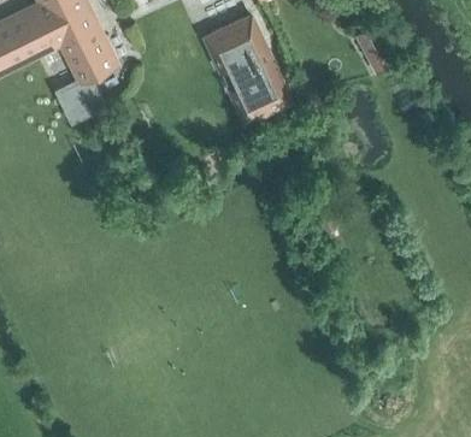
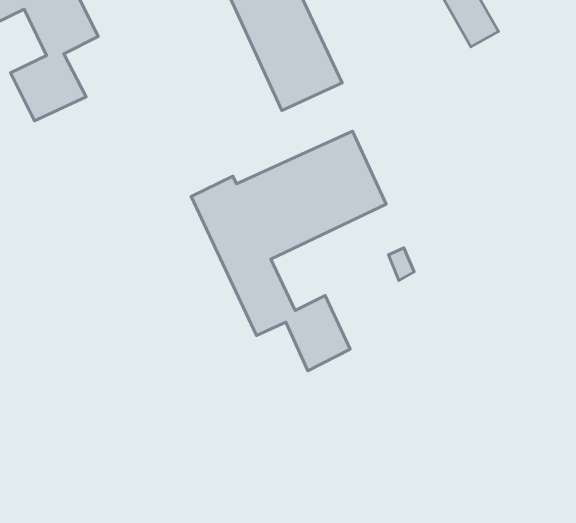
building: none -> [191,131,386,371]

